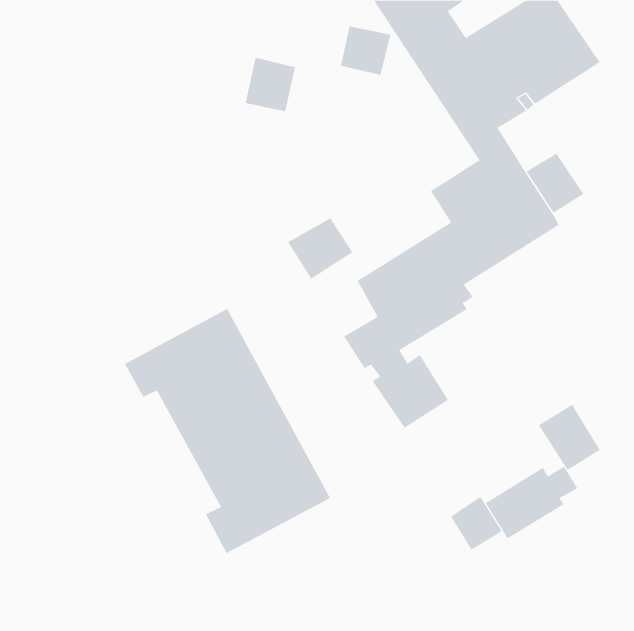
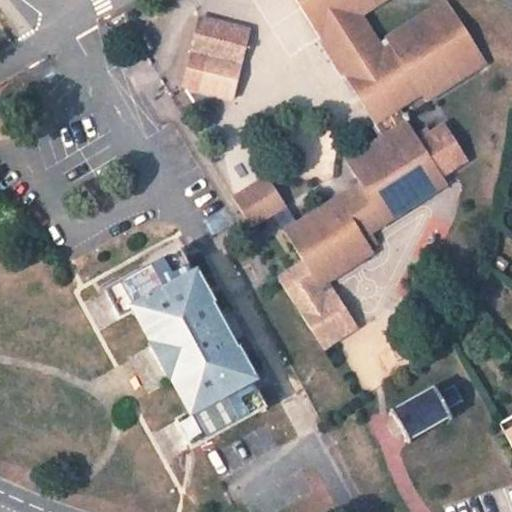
building: [340,26,391,76] -> [205,17,246,57]
building: [538,404,600,471] -> none
building: [450,496,502,550] -> none

